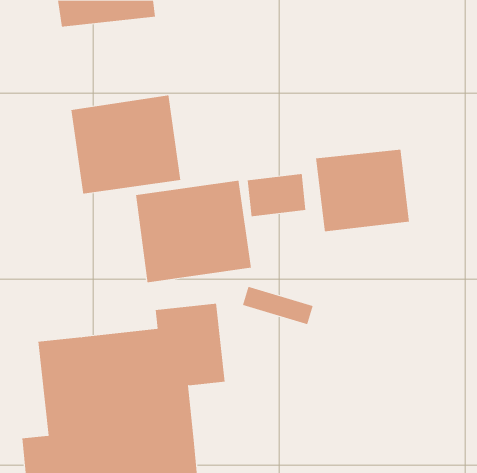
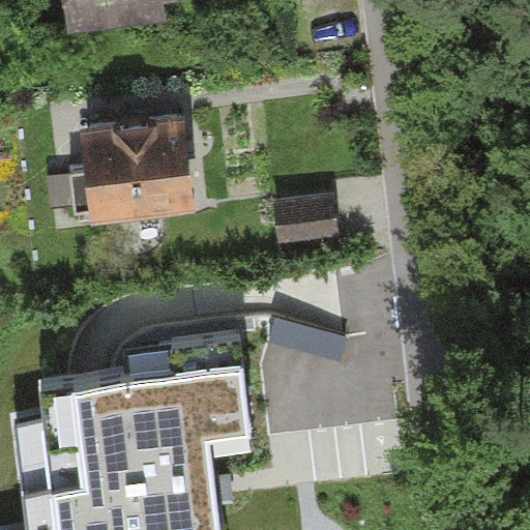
building: [316,149,409,232] -> none
building: [136,180,252,283] -> none

